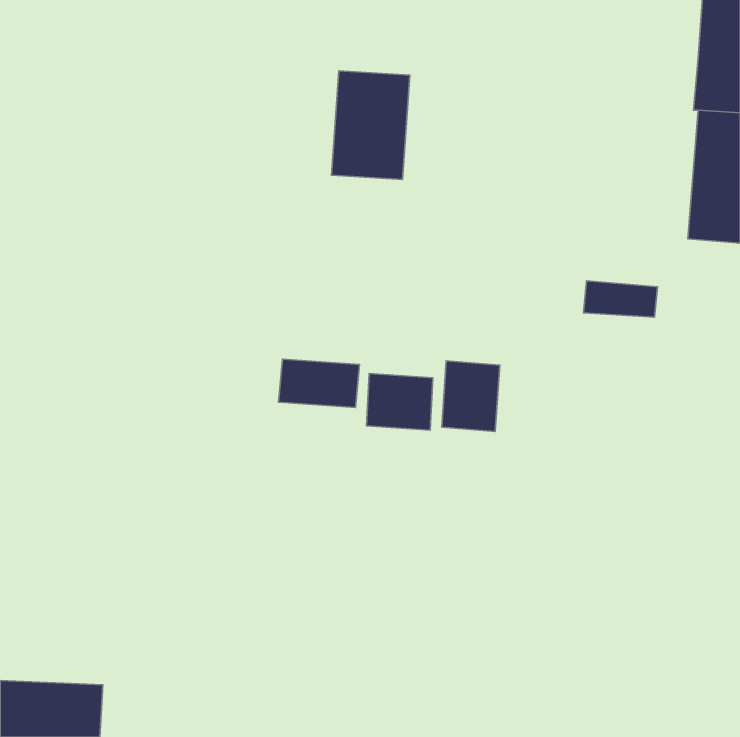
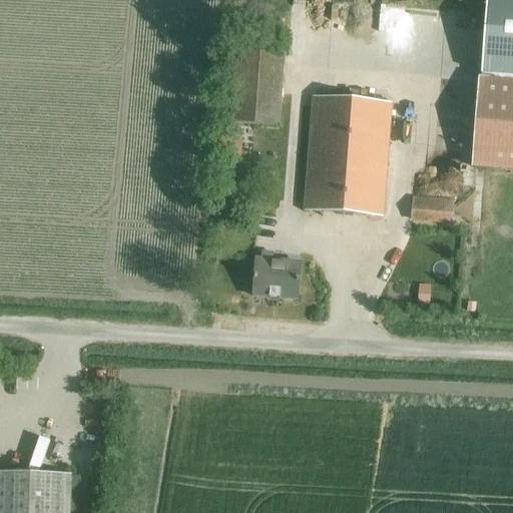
building: none -> [306,92,394,212]
building: [279,359,359,407] -> none
building: [442,361,500,431] -> none

